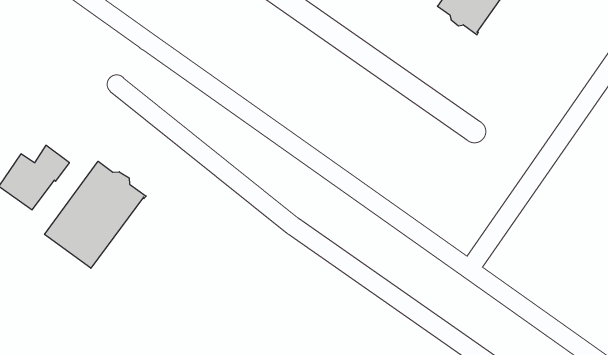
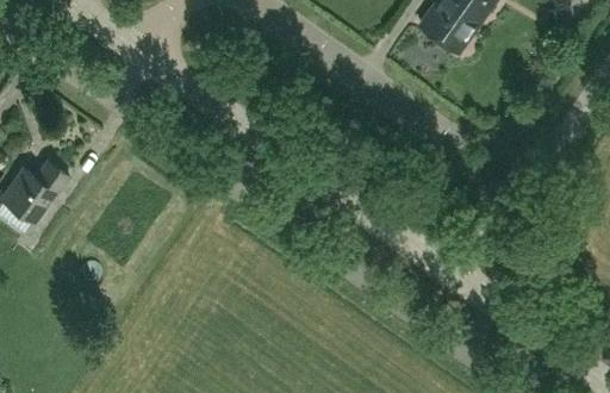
building: [45,161,146,268] -> none

